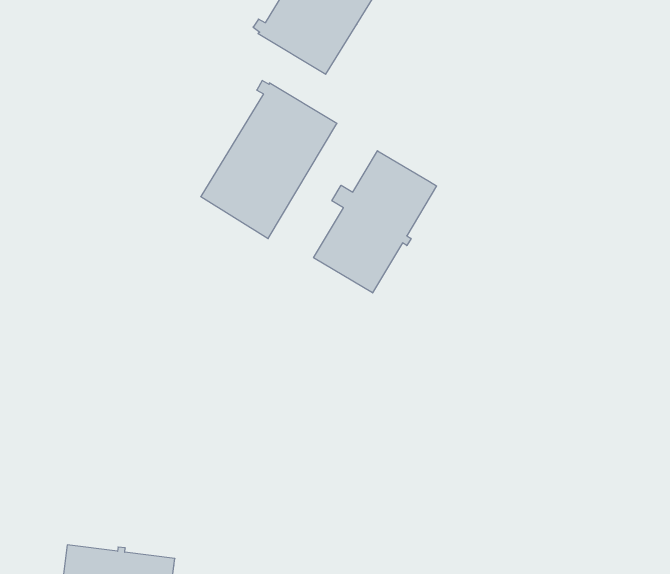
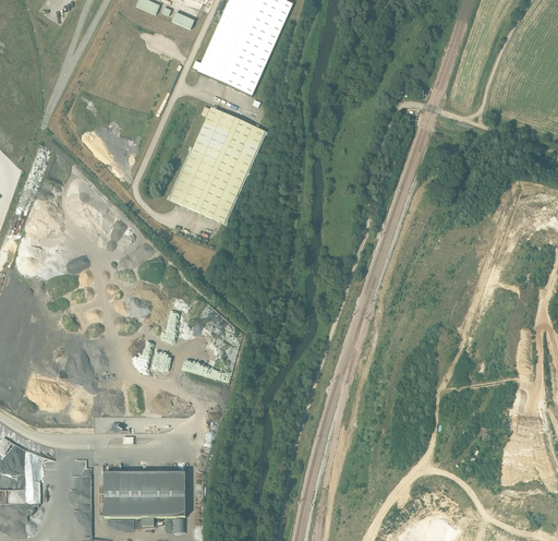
building: [314,151,437,293] -> none

